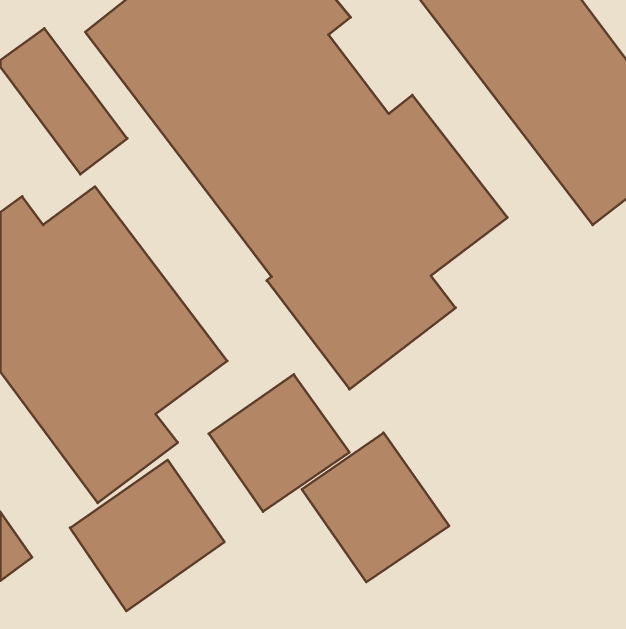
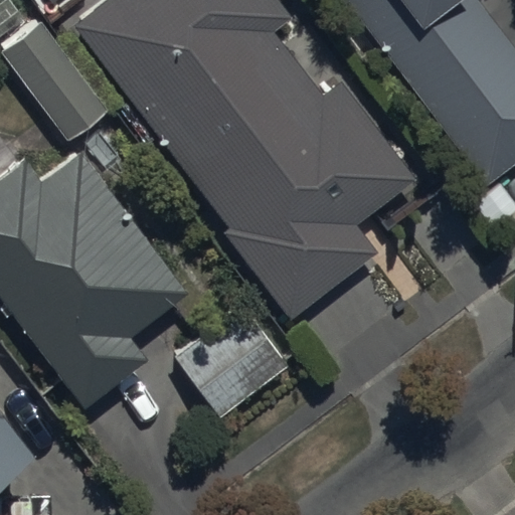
building: [302,433,449,582] -> none
building: [70,460,224,611] -> none

